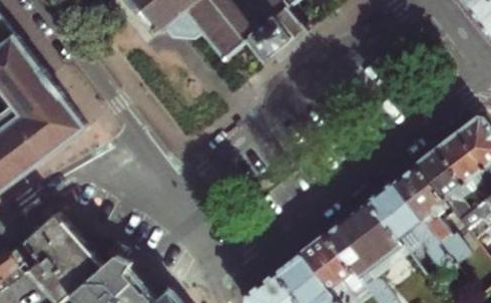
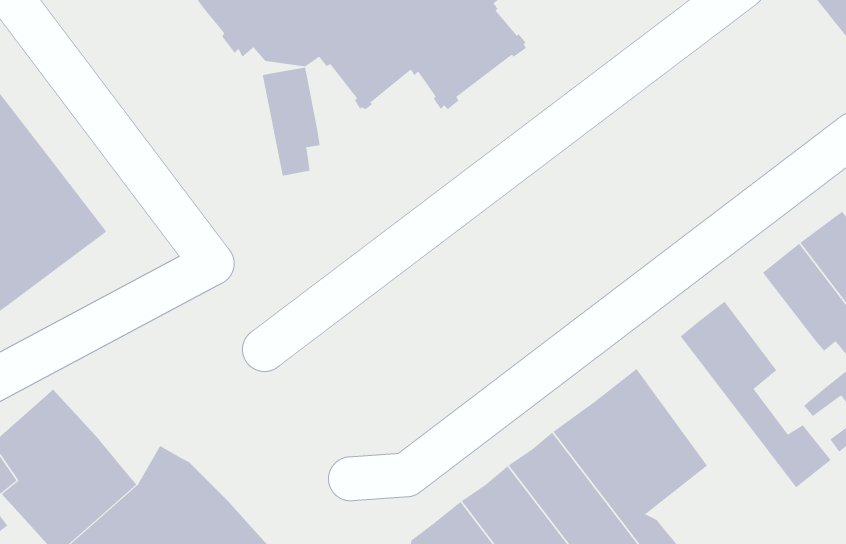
building: none -> [262,67,320,177]
building: [416,148,470,220] -> none
building: [369,183,454,273] -> none

